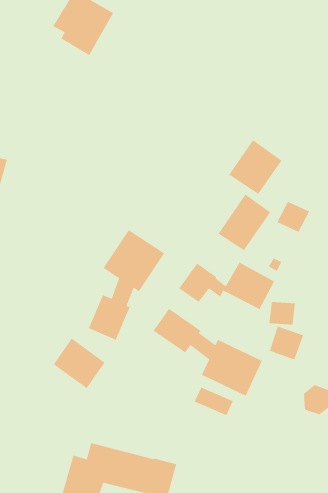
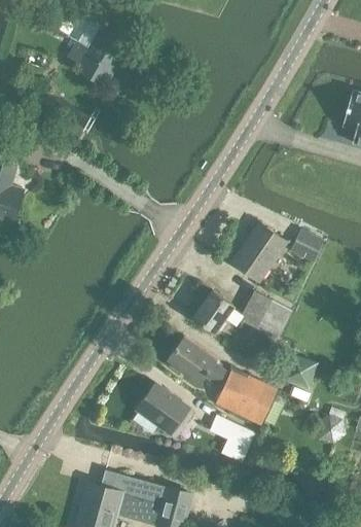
building: [228,139,283,195] -> none
building: [88,229,165,341] -> none
building: [268,301,296,326] -> none
building: [53,338,105,389] -> [137,384,189,435]

